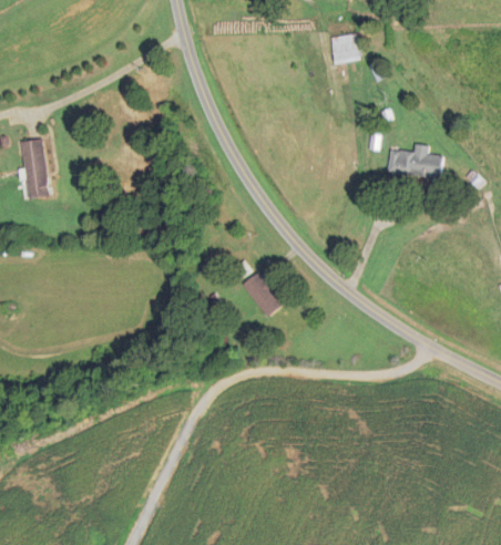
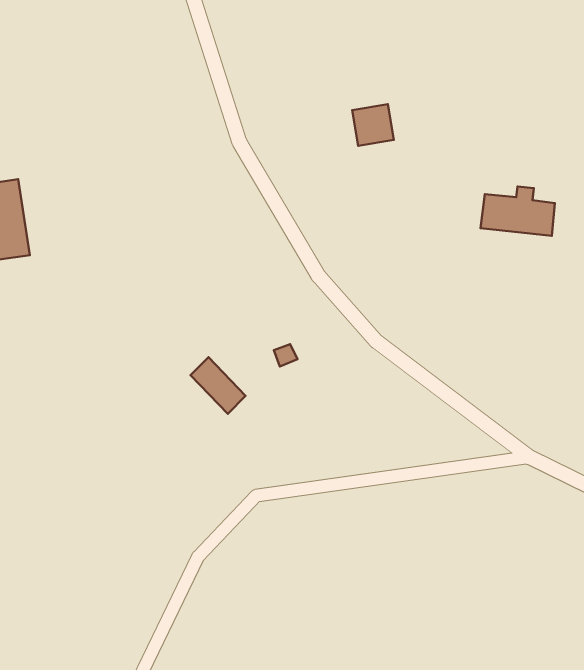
building: [329,33,360,64] -> [352,104,394,146]
building: [242,272,283,315] -> [191,357,246,414]

